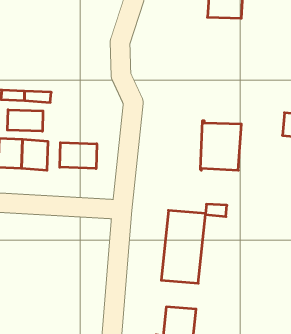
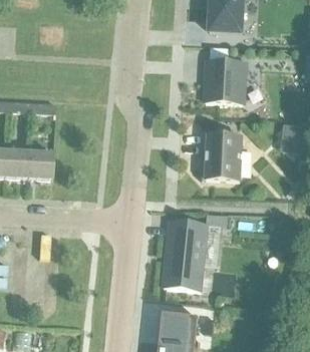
building: none -> [206,58,247,102]
building: [7,110,43,131] -> none
building: [60,143,97,169] -> none

